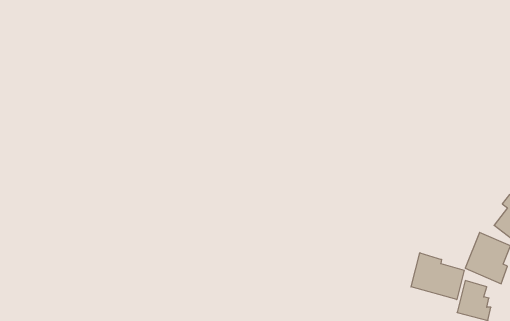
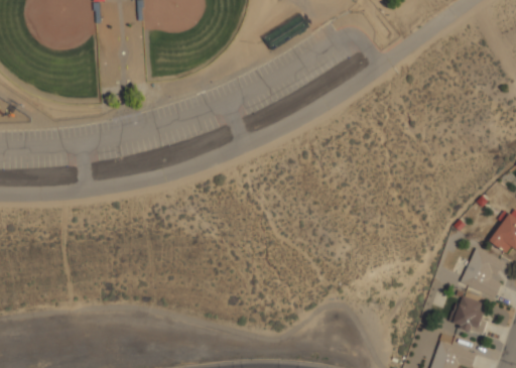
building: [411,253,464,300] -> none

